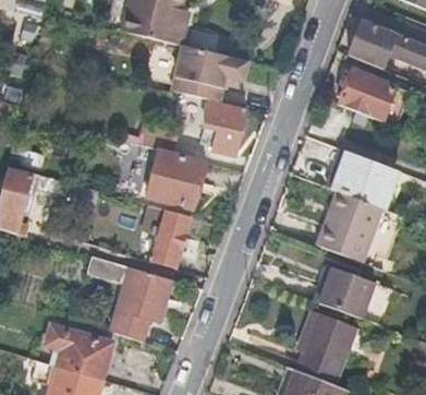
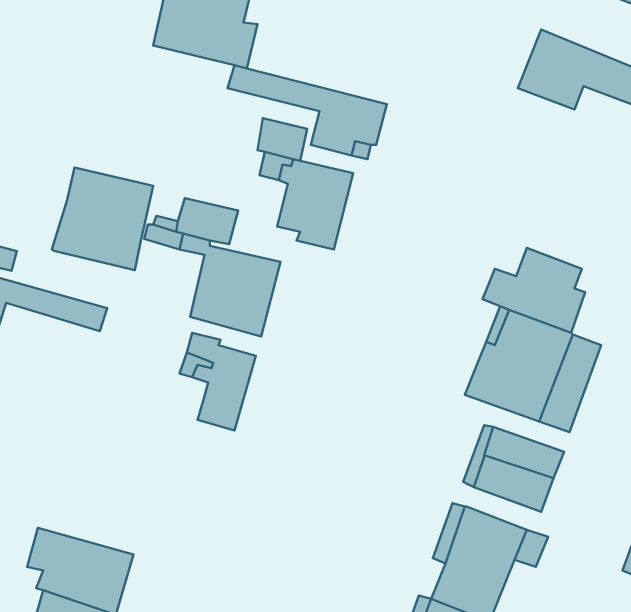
building: [339,68,397,121] -> none
building: none -> [52,167,153,270]
building: [86,256,172,344] -> none

